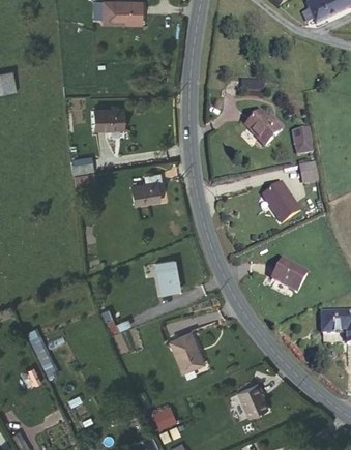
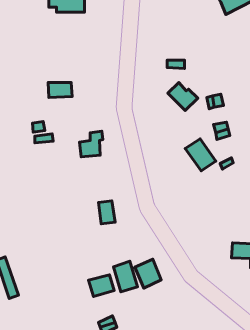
building: [269,262,303,294] -> none
building: none -> [89,275,114,297]
building: [234,381,267,417] -> [135,259,161,288]

